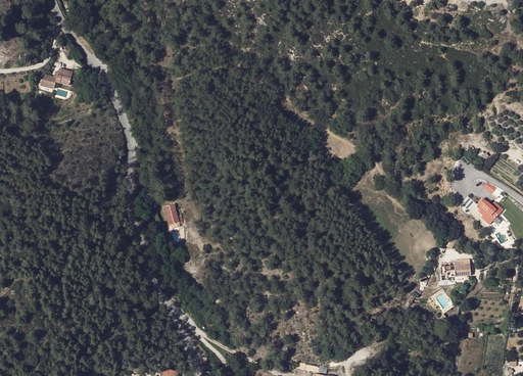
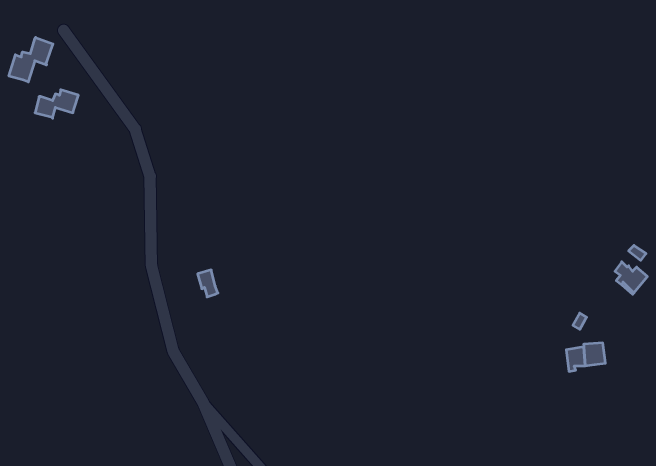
building: none -> [9,37,53,82]

